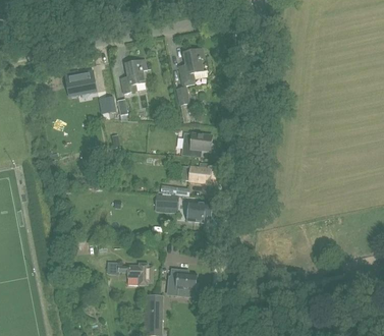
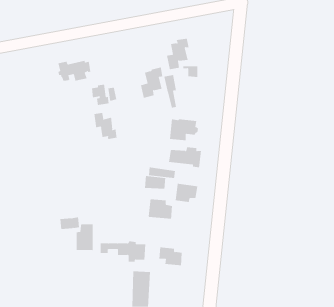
building: [120,59,145,93] -> [140,67,163,98]
building: none -> [94,112,117,140]
building: none -> [148,198,172,219]
building: none -> [76,223,93,251]

